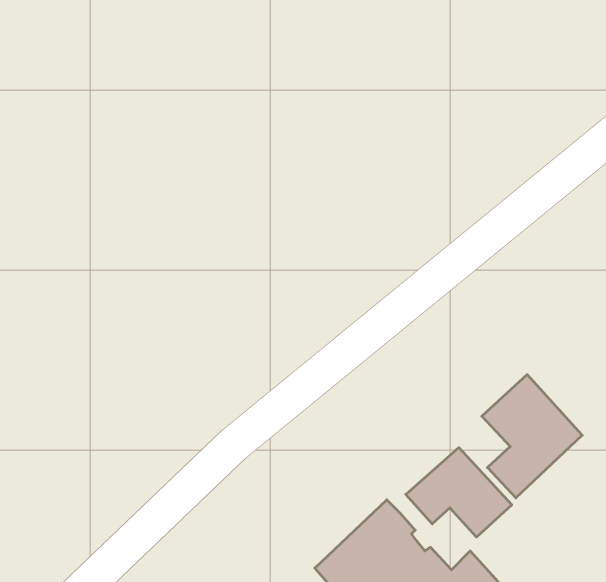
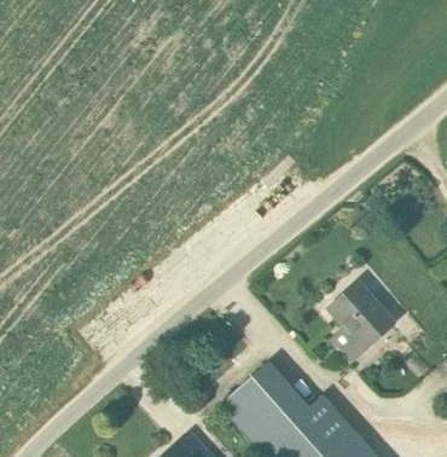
building: [406,448,512,537] -> none

